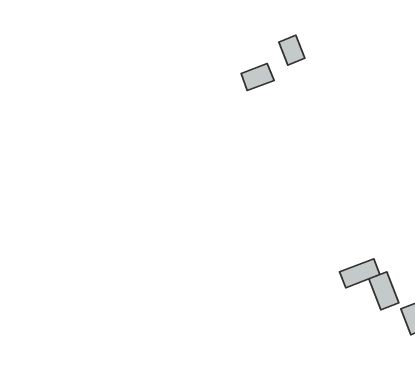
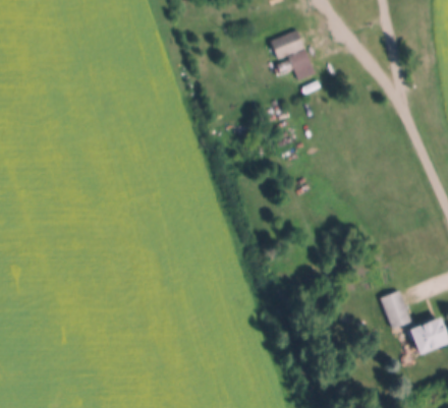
building: [241,64,274,90] -> [271,31,304,58]
building: [340,259,380,288] -> none

